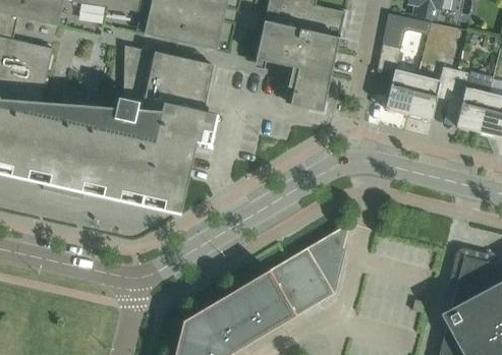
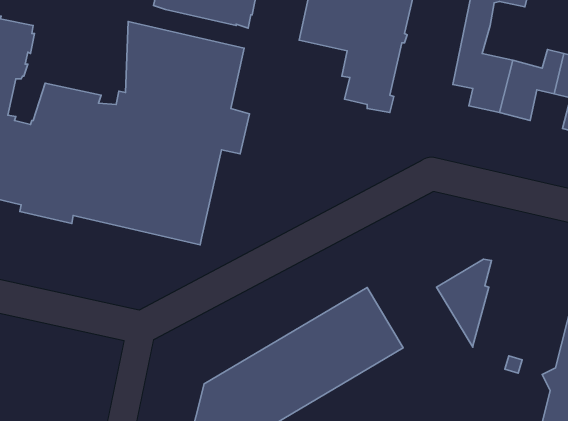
building: [308,226,349,293] -> [437,259,491,347]

